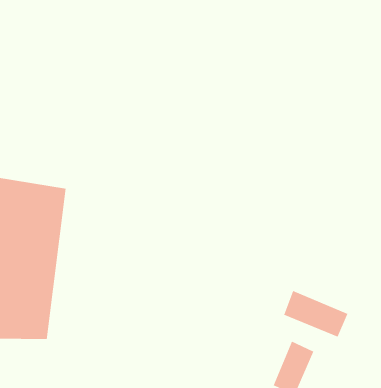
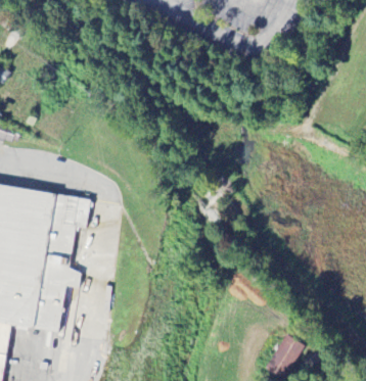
building: [284,290,348,338] -> none

